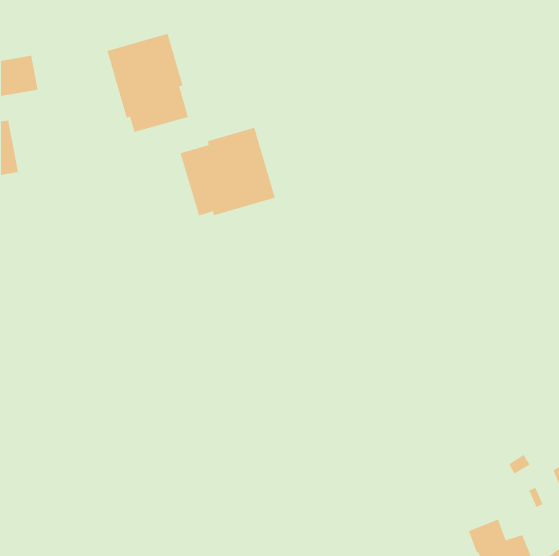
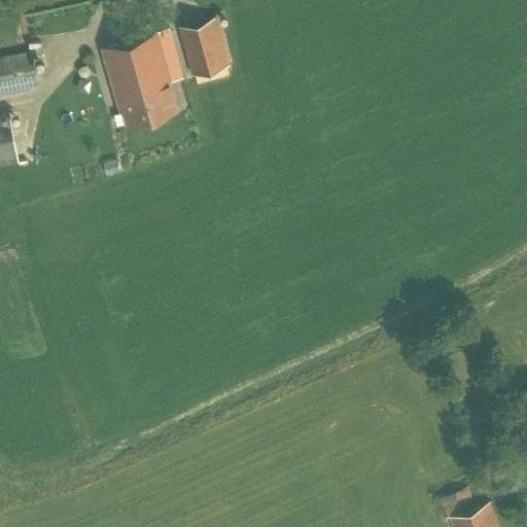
building: none -> [179,21,232,80]
building: [180,127,276,216] -> none

